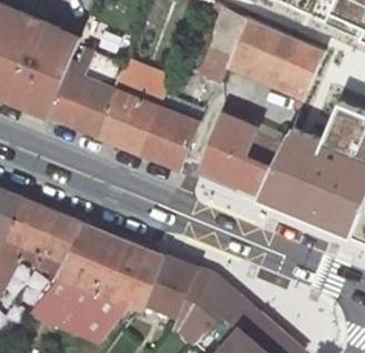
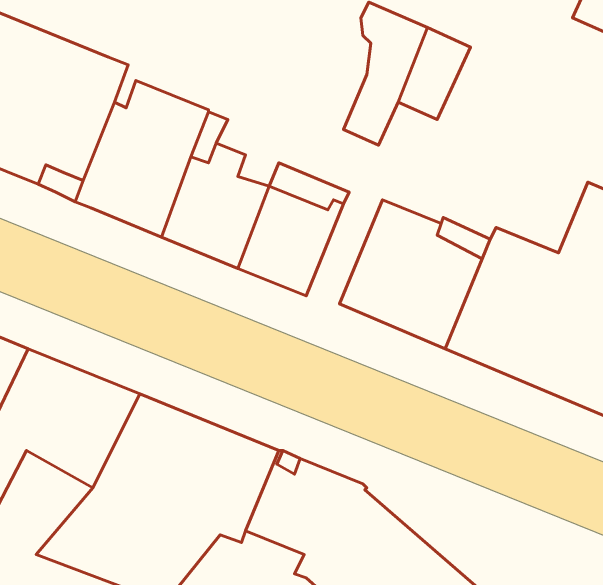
building: [253,28,325,110] -> none

